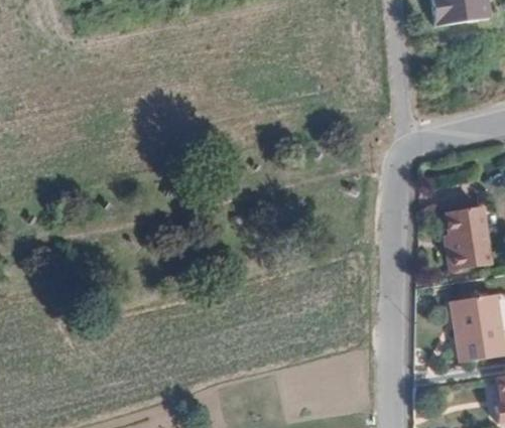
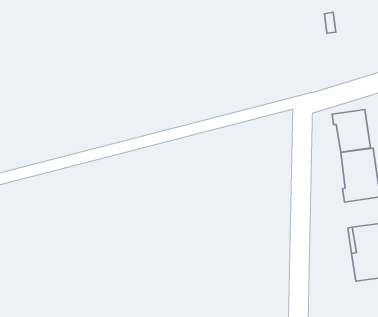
building: none -> [332,110,370,152]

